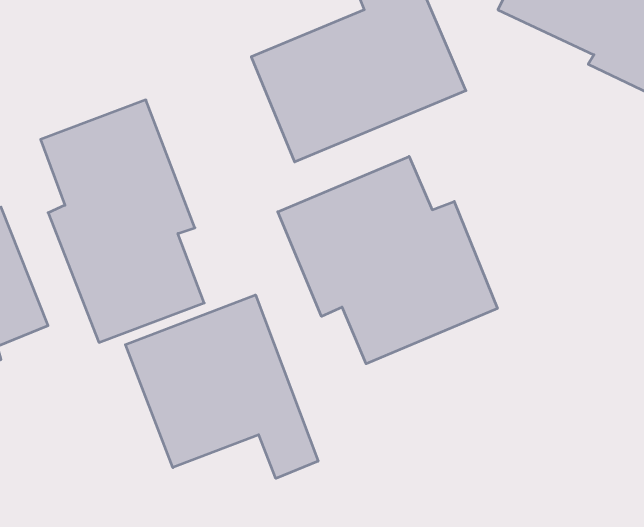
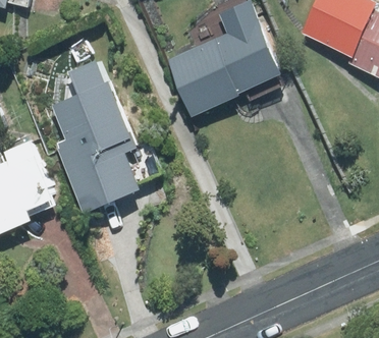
building: [278,156,497,364] -> none
building: [125,295,318,478] -> none

